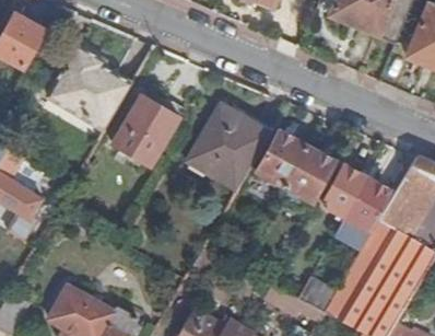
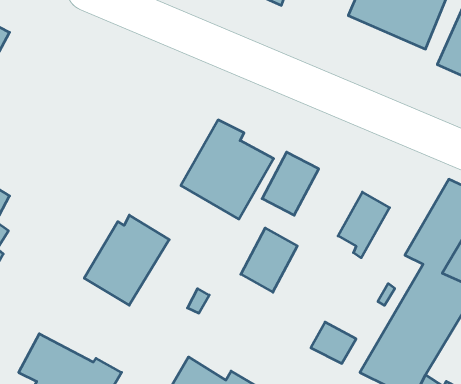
building: [49,47,130,129] -> none
building: [106,99,178,175] -> [84,215,169,305]
building: [284,147,332,201] -> [241,228,297,292]
building: [341,179,388,229] -> none

